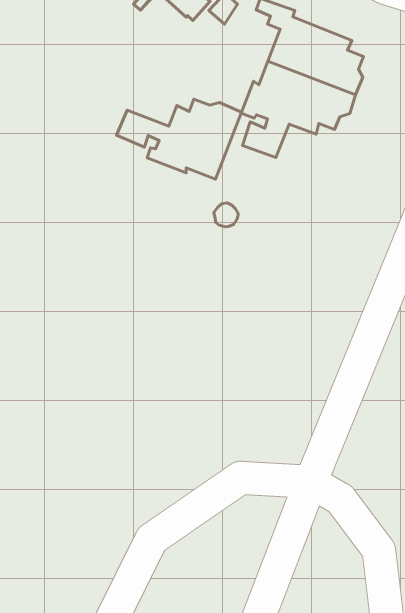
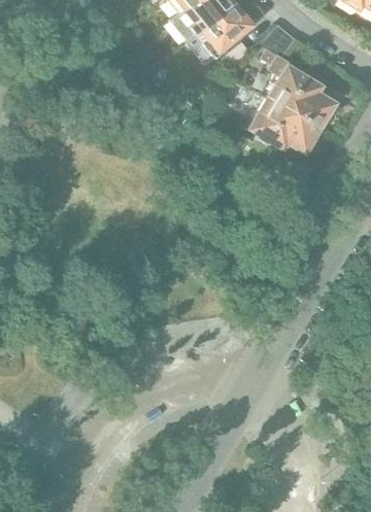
building: [116,99,242,179] -> none

